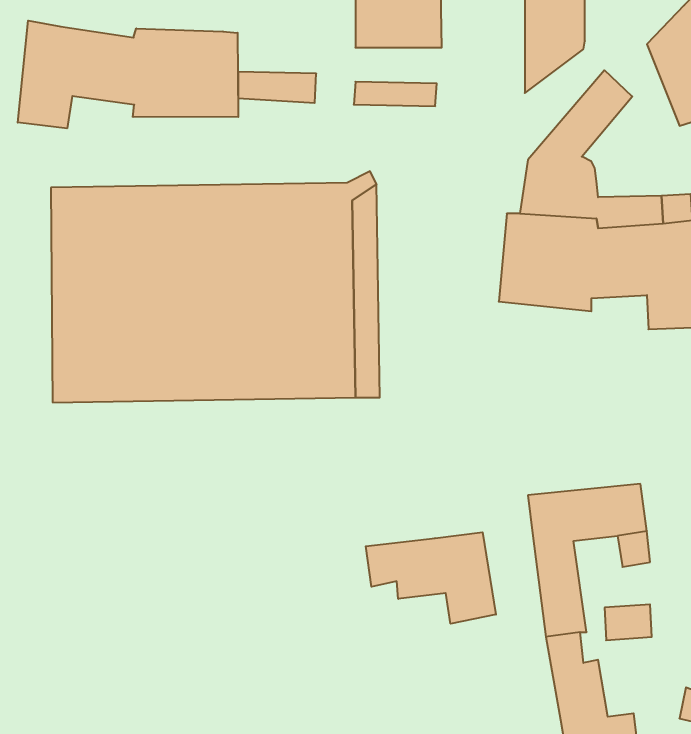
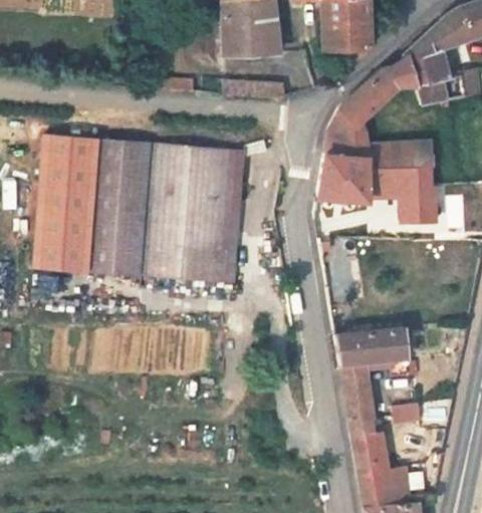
building: [18,21,238,128] -> none
building: [366,532,496,624] -> none

